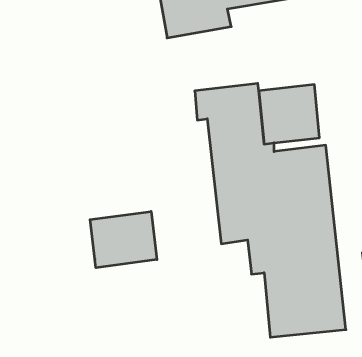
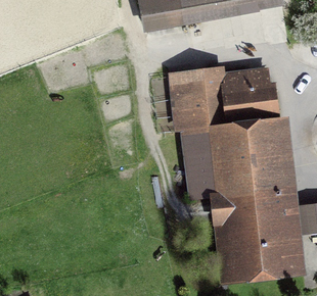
building: [90,211,157,268] -> none

